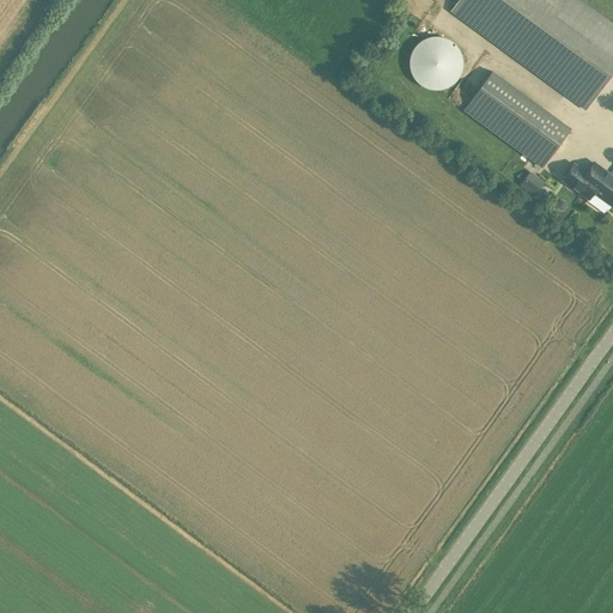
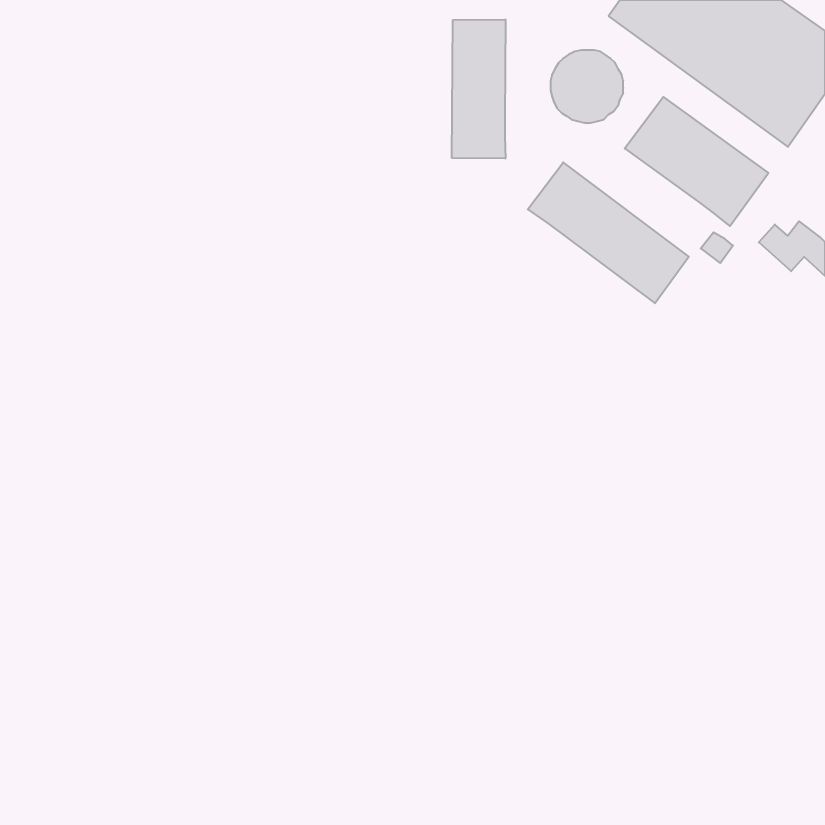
building: none -> [452,19,505,159]
building: none -> [528,162,689,303]

